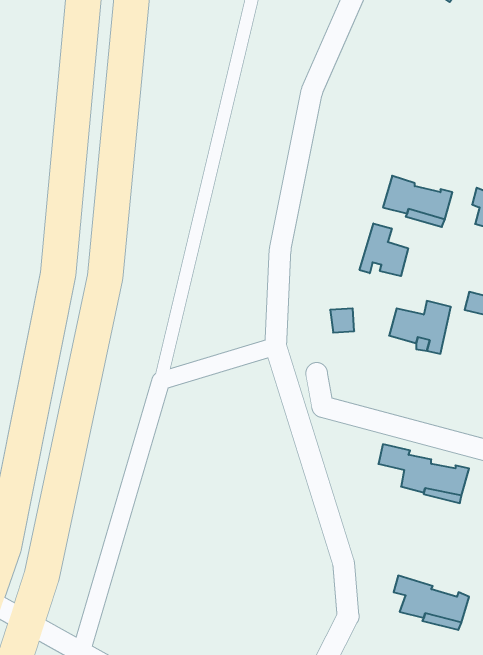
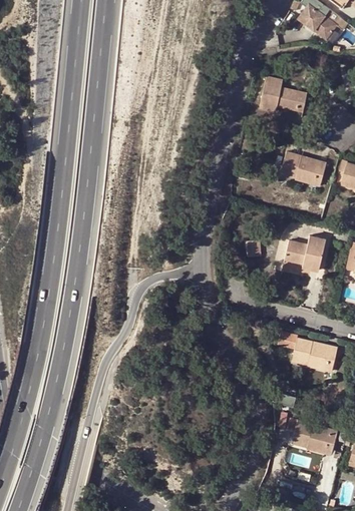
building: none -> [259,77,306,112]
building: [360,223,408,276] -> none

